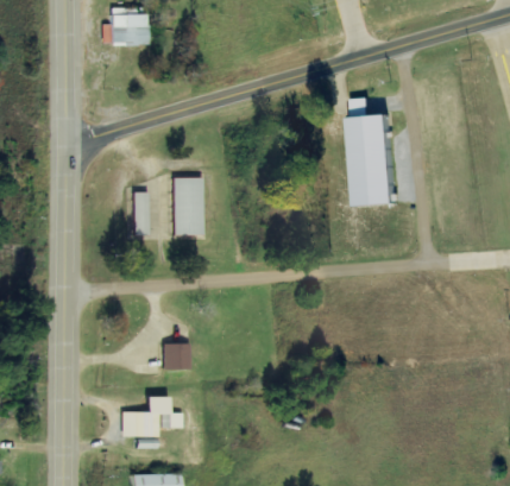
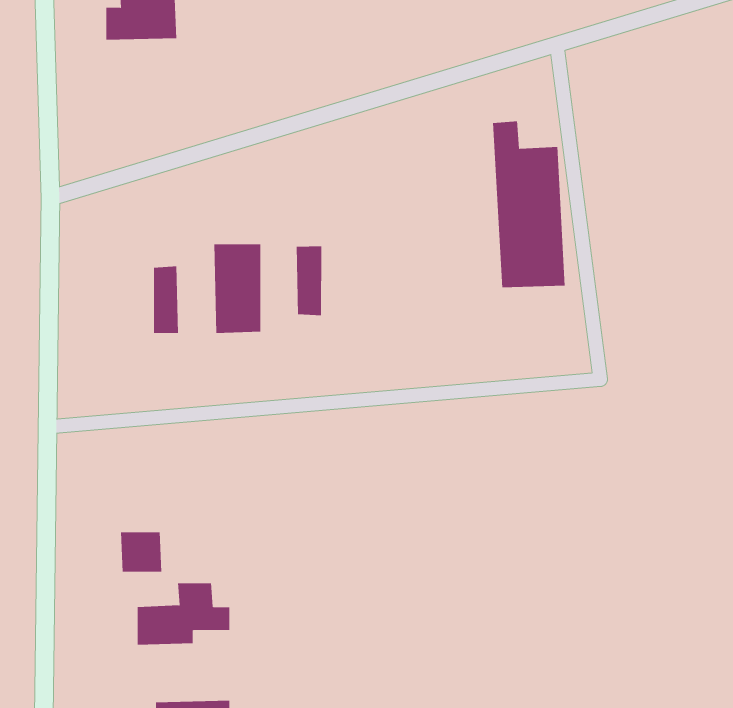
building: none -> [296,246,322,316]
building: [162,343,189,370] -> [120,532,162,572]

